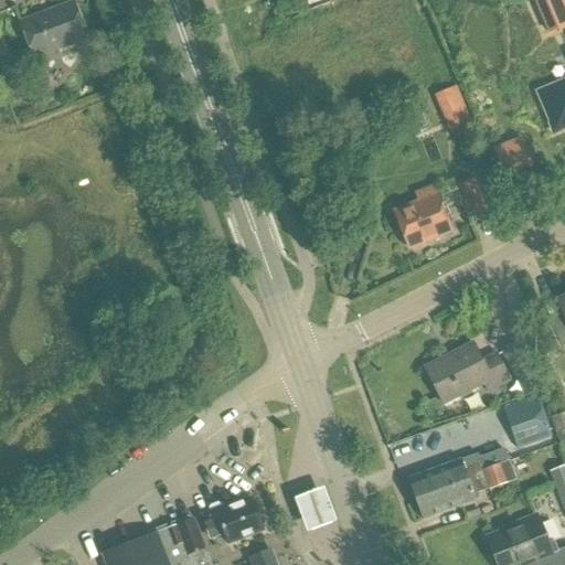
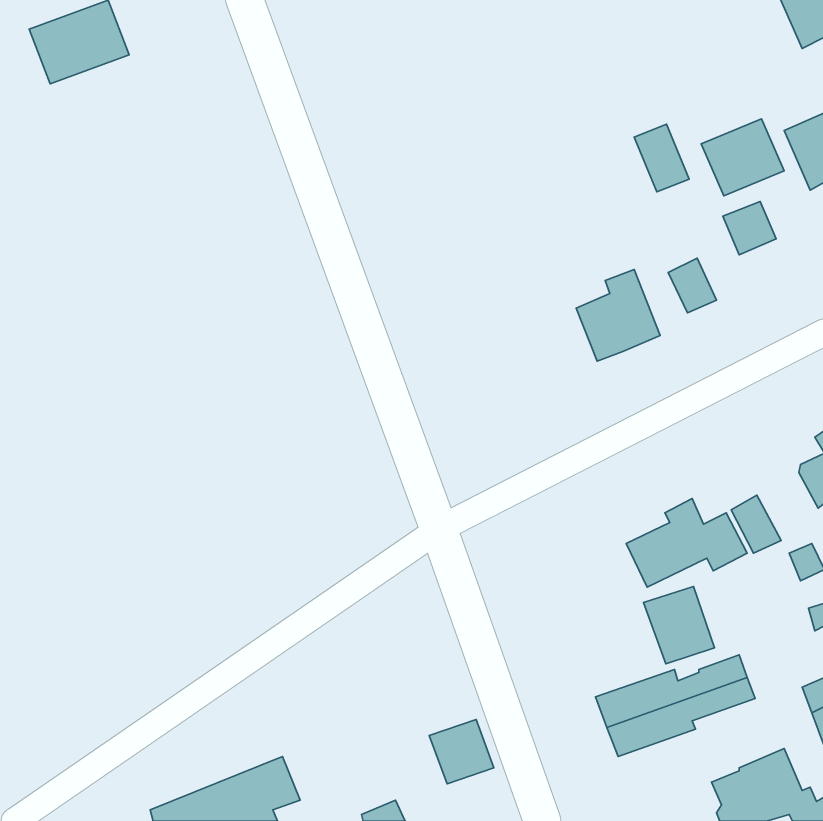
building: none -> [701,119,784,196]
building: [503,395,552,448] -> [643,586,714,664]
building: [203,497,264,542] -> none

